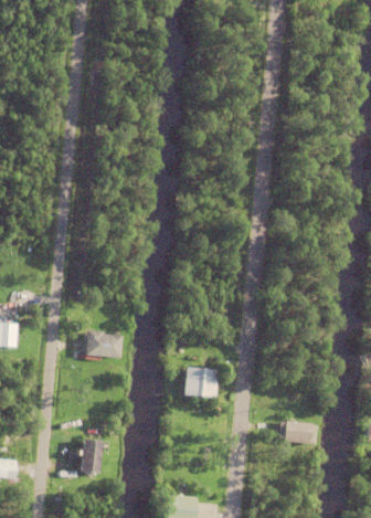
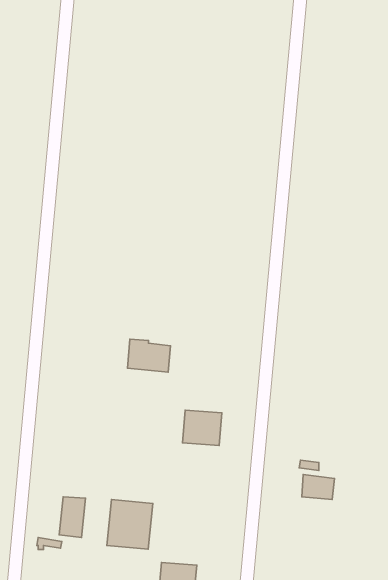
building: [86,331,123,359] -> [127,339,171,372]
building: none -> [107,500,153,549]

